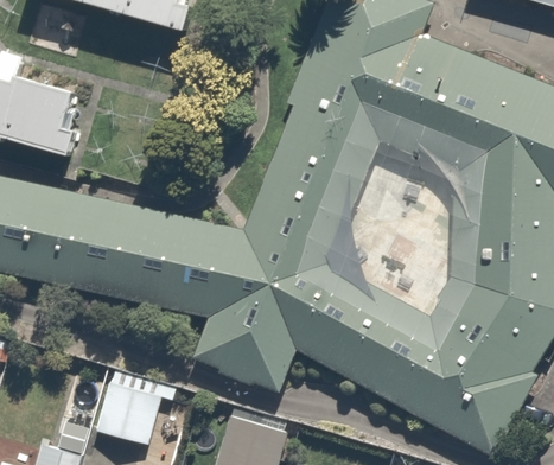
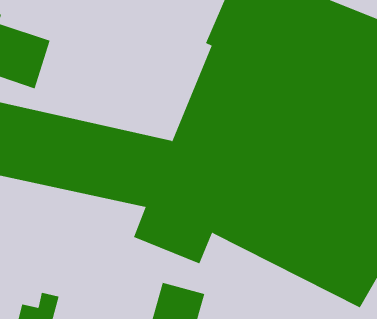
building: [101,369,167,446] -> none

